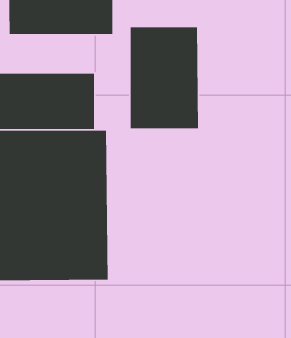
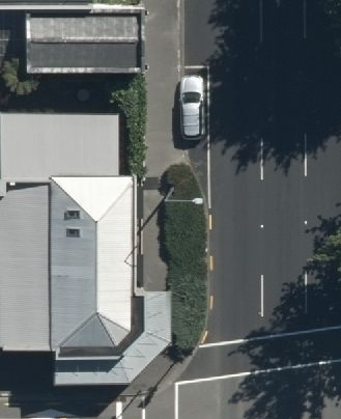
building: [130,26,199,129] -> none

